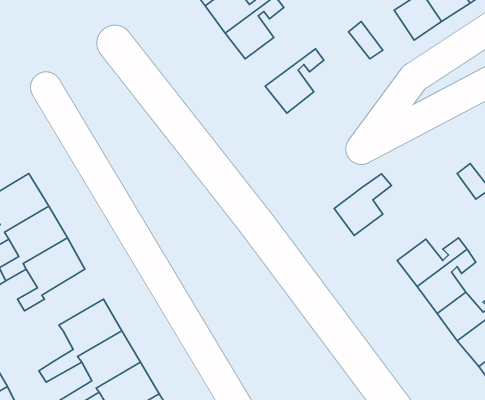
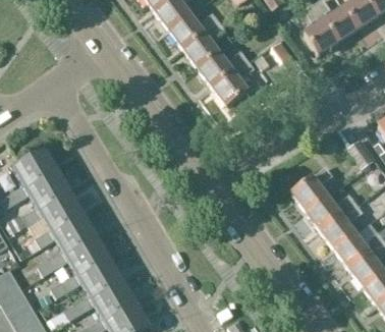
building: none -> [198,51,248,87]
building: [334,174,391,236] -> [291,167,332,211]
building: none -> [37,217,97,275]

